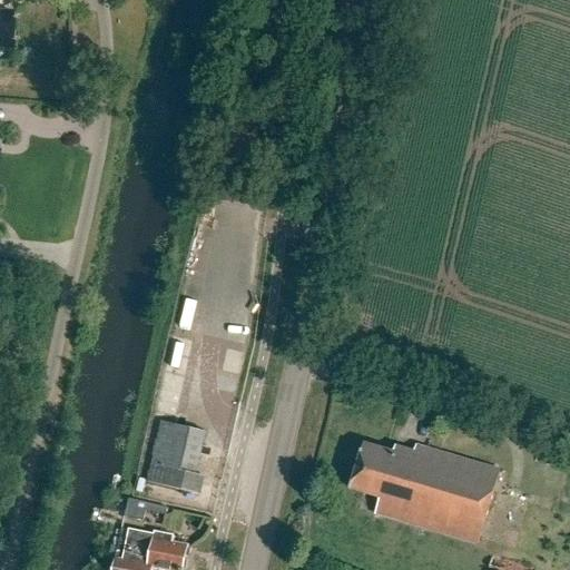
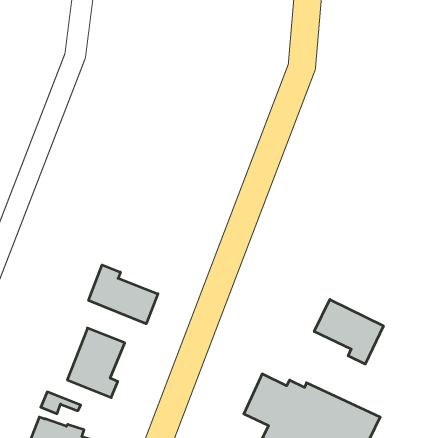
building: none -> [314,299,383,364]
building: none -> [89,265,158,324]

